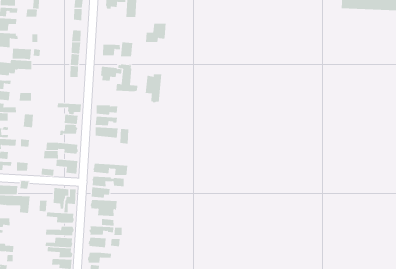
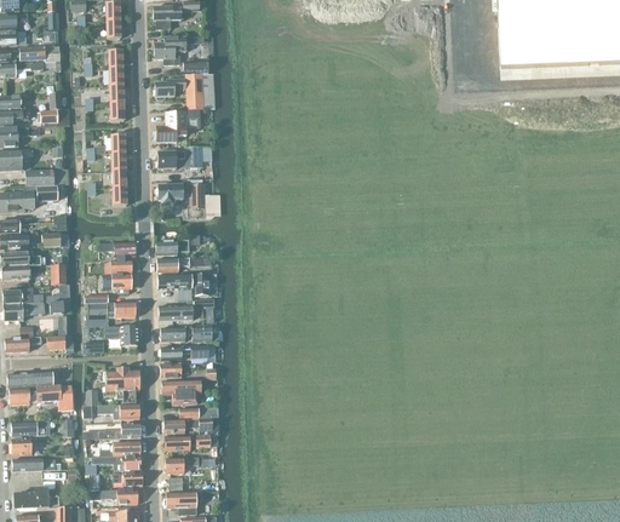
building: [145,23,167,43] -> [157,111,186,142]
building: [145,73,162,103] -> none
building: none -> [159,298,214,320]

